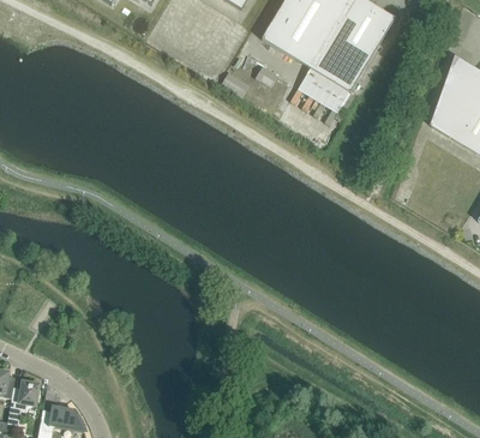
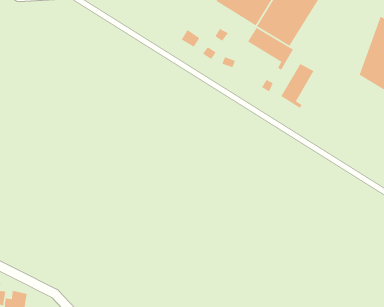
building: none -> [280,63,314,109]

